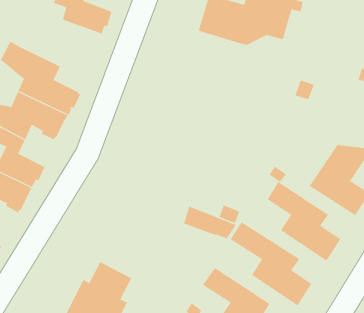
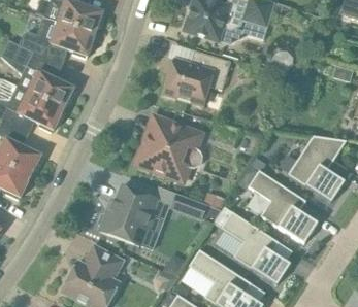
building: none -> [19,15,95,63]
building: none -> [163,49,230,105]
building: none -> [134,114,201,181]
building: none -> [98,184,159,249]

